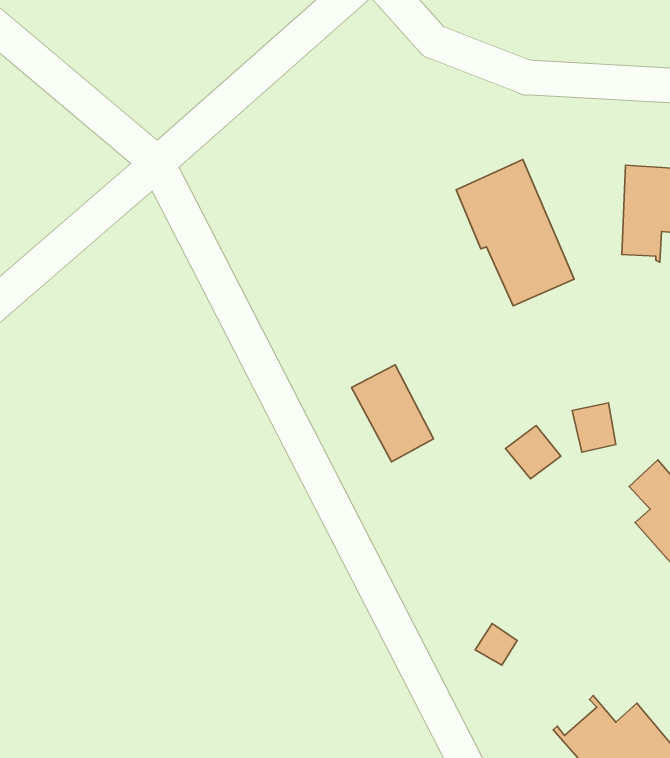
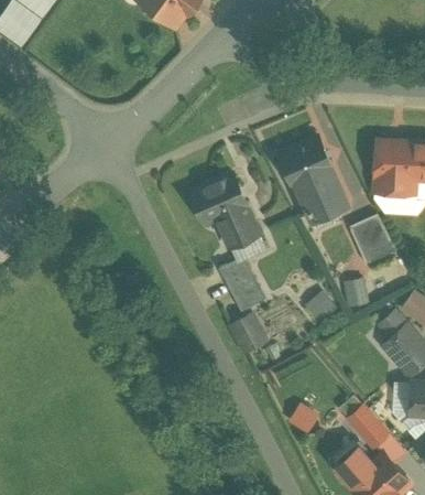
building: none -> [190,174,259,248]
building: none -> [348,215,395,265]
building: none -> [230,314,265,353]
building: none -> [347,406,388,448]

